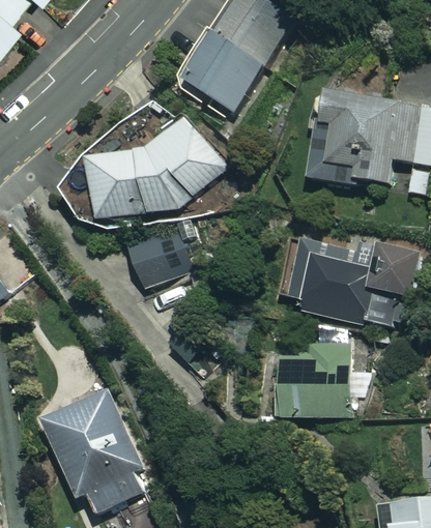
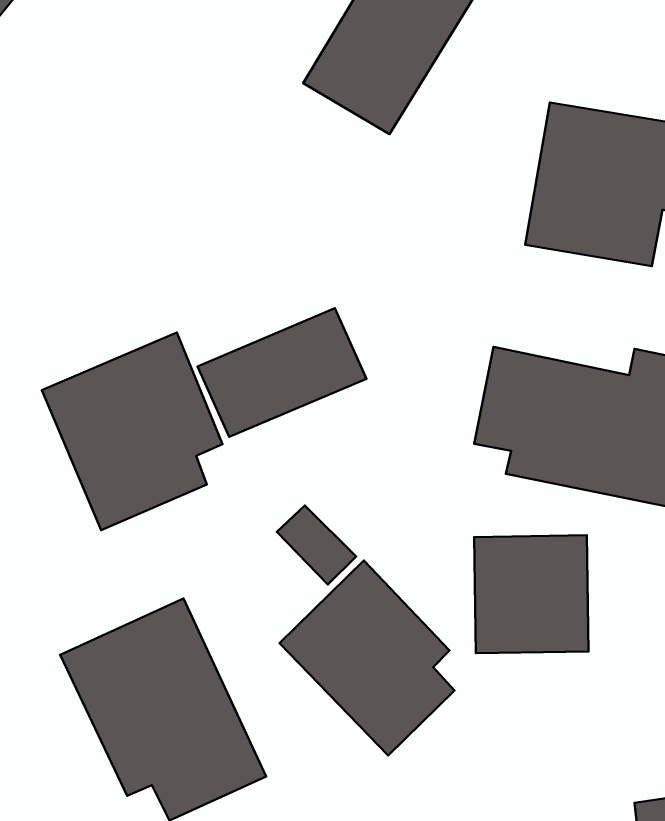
building: [63,104,234,228] -> none
building: none -> [42,332,223,530]
building: none -> [279,561,454,755]

